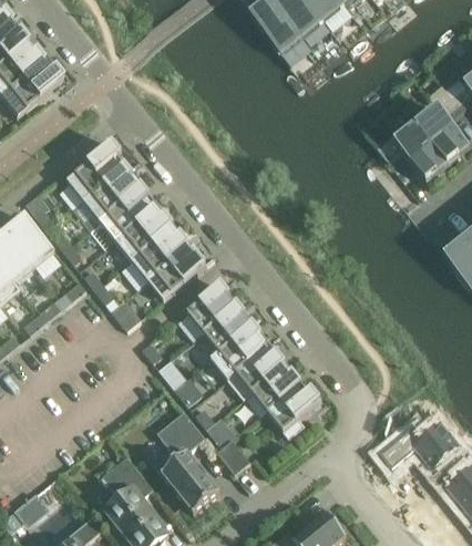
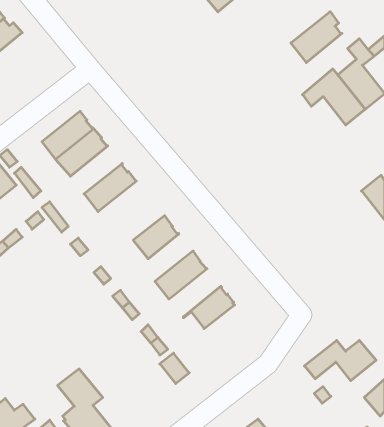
building: none -> [291,12,342,63]
building: [66,142,126,199] -> none
building: [115,204,174,258] -> none
building: [146,244,206,298] -> none
building: [203,303,254,357] -> none
building: [226,342,285,396] -> none
building: [266,383,321,436] -> none
building: [155,409,219,512] -> none

